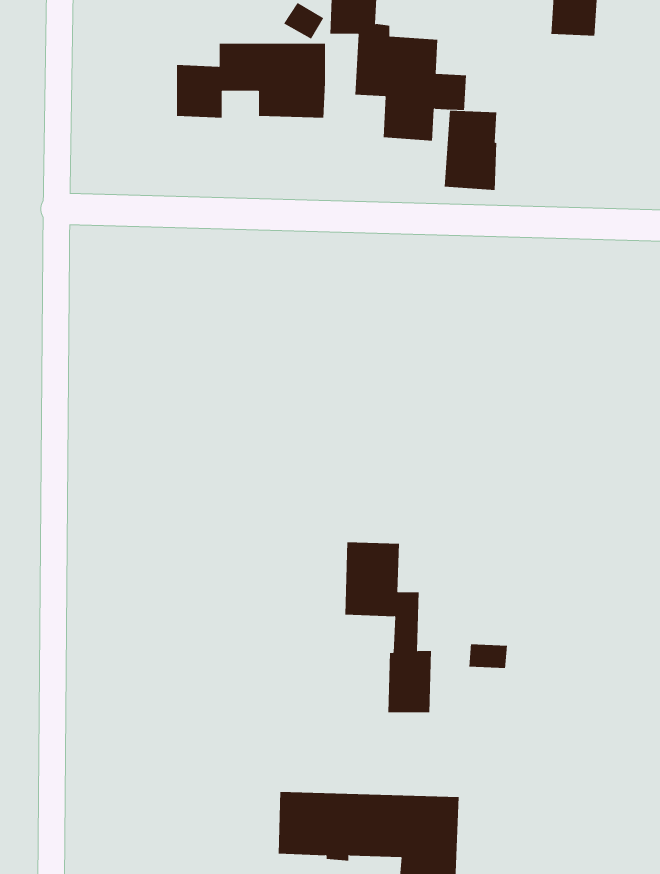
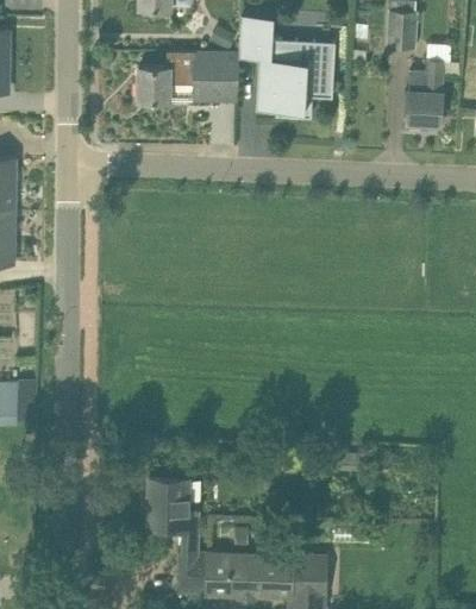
building: [444,110,497,191] -> [406,71,441,125]
building: [345,542,432,713] -> [149,479,207,594]

